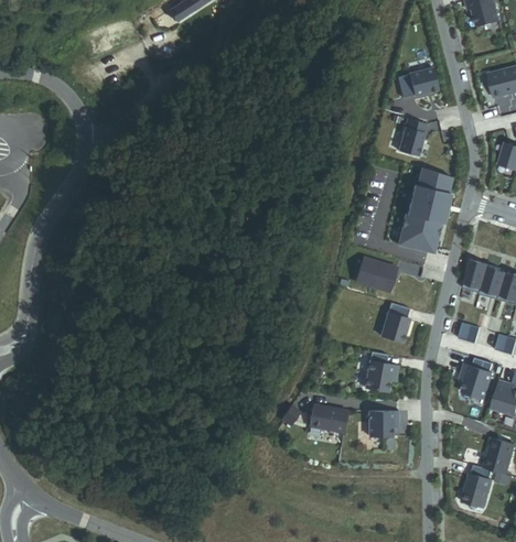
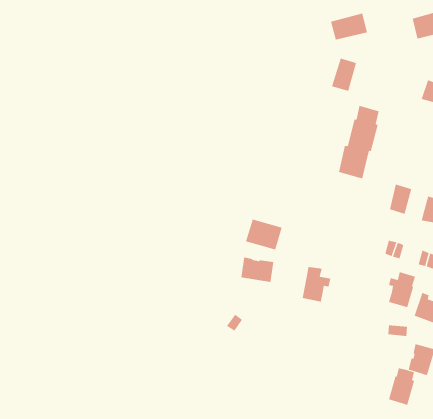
building: [355,257,397,292] -> [245,219,283,250]
building: [480,265,506,300] -> none
building: [380,302,409,342] -> none
building: [310,404,347,433] -> [241,257,274,282]
building: [368,410,398,435] -> none

